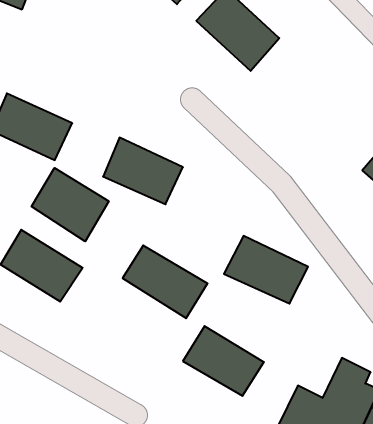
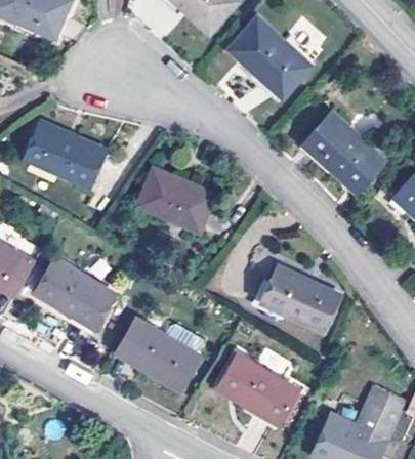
building: none -> [303,112,385,194]
building: [32,168,109,241] -> none
building: [123,245,208,318] -> [115,320,200,392]

